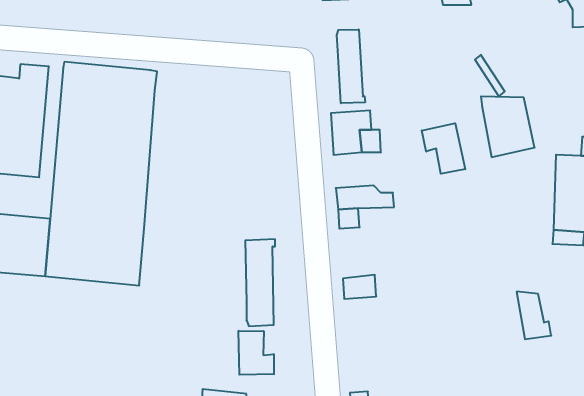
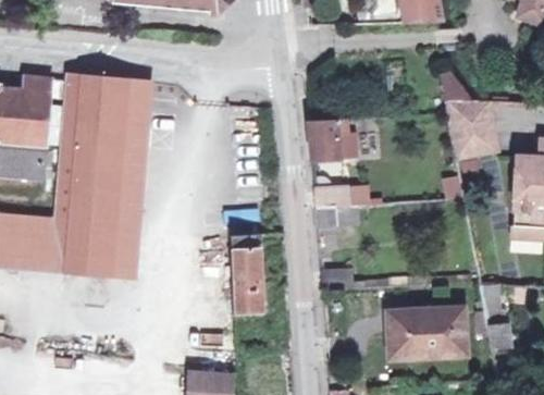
building: [337,29,365,103] -> none
building: [422,123,465,174] -> none
building: none -> [387,307,463,353]
building: [239,331,274,375] -> none

